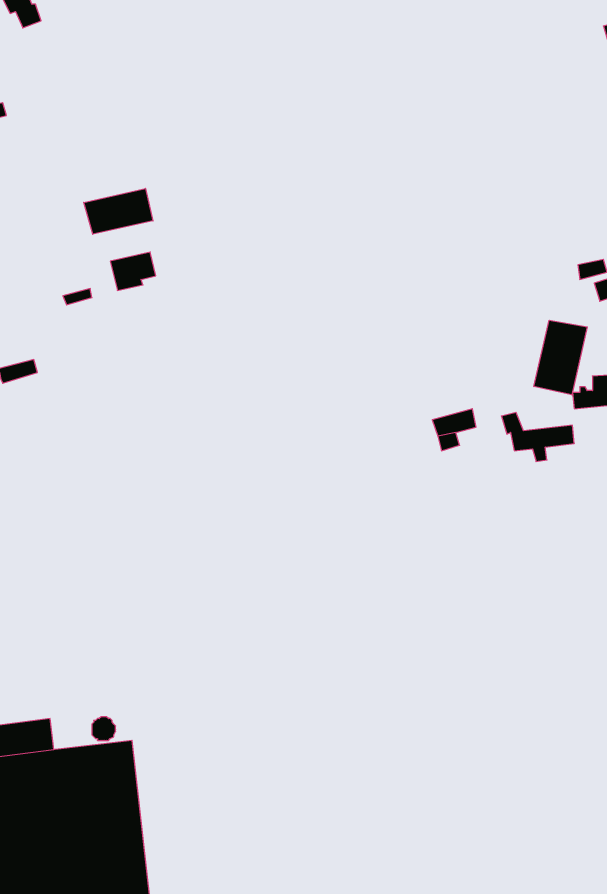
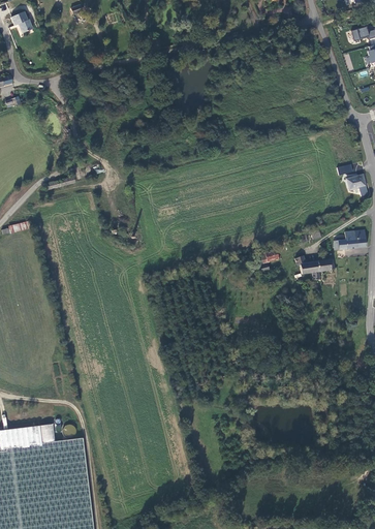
building: [84,188,153,234] -> none
building: [534,320,587,395] -> none

